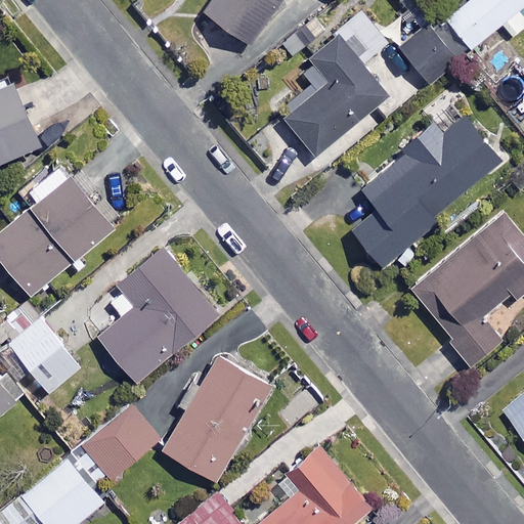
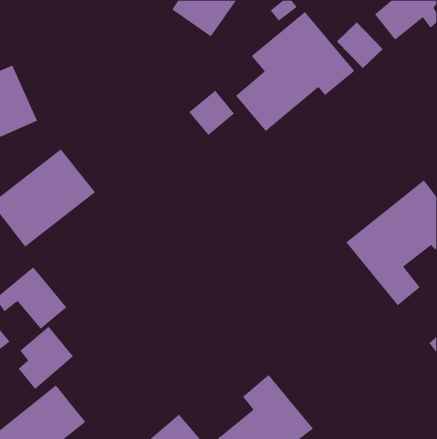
building: none -> [189,90,235,136]
building: [352,115,501,268] -> none
building: [93,251,218,383] -> none
building: [164,357,269,481] -> none
building: [92,402,159,478] -> [18,326,74,390]

